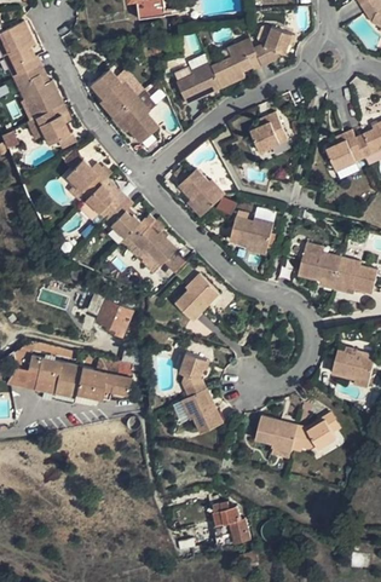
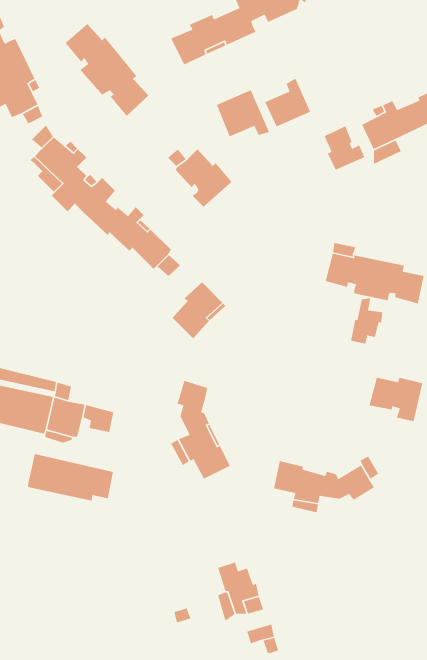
building: none -> [216,89,270,137]
building: none -> [324,125,366,171]
building: [230,219,273,263] -> none
building: none -> [350,298,383,344]
building: [94,300,133,339] -> none
building: none -> [27,453,114,502]

